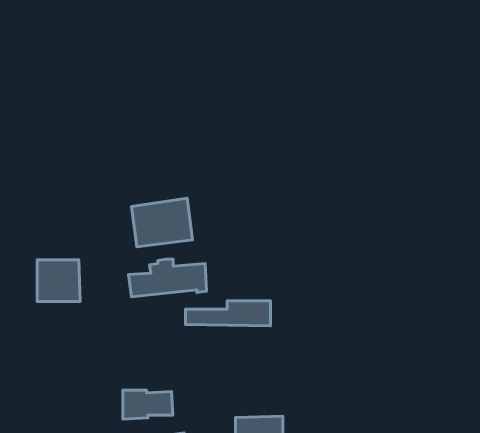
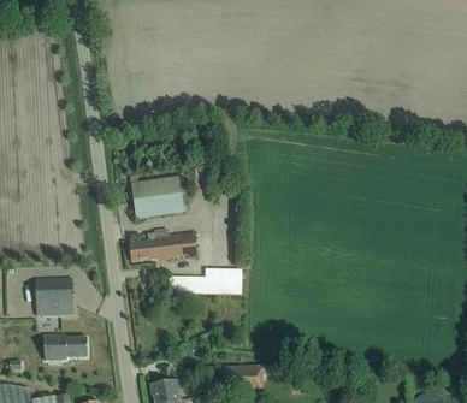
building: [37,260,80,301] -> [36,278,73,314]
building: [123,390,173,419] -> [45,334,88,360]

